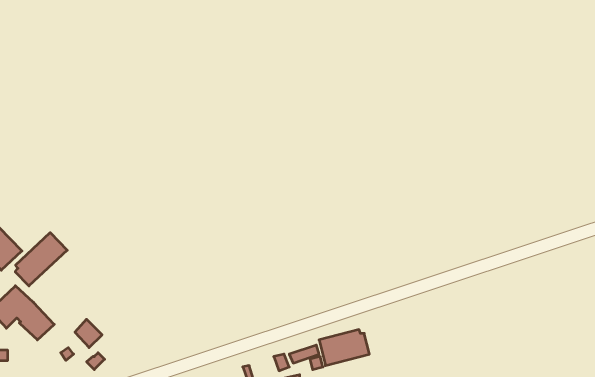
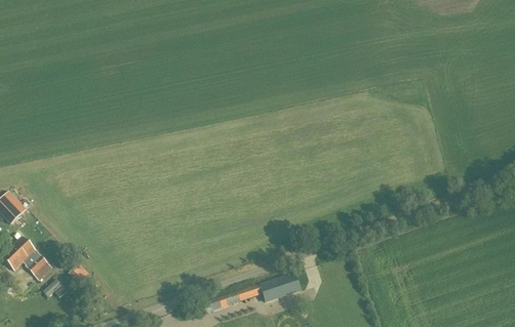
building: [15,233,67,286] -> none

